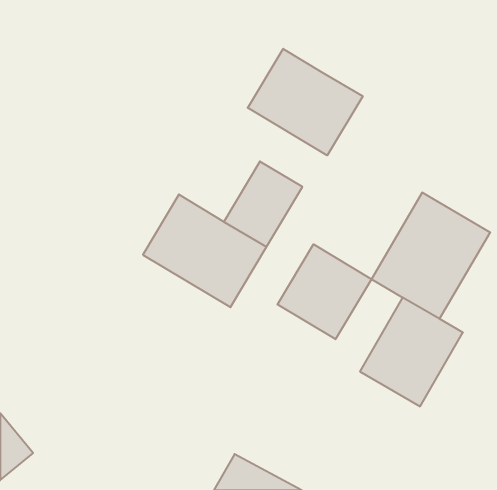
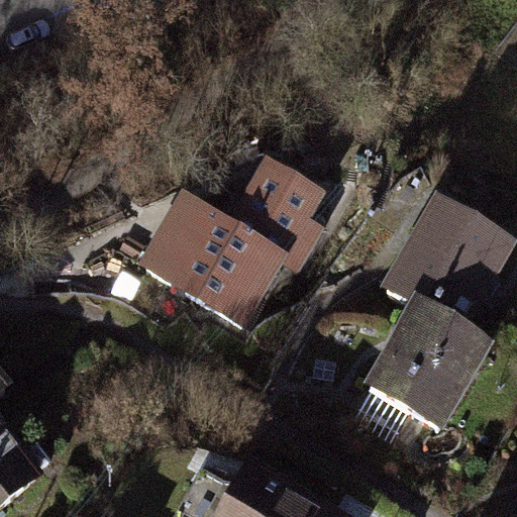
building: [248,49,363,155] -> none
building: [277,244,372,339] -> none

